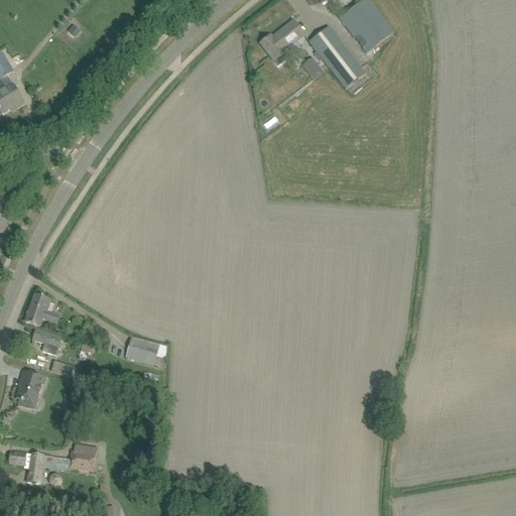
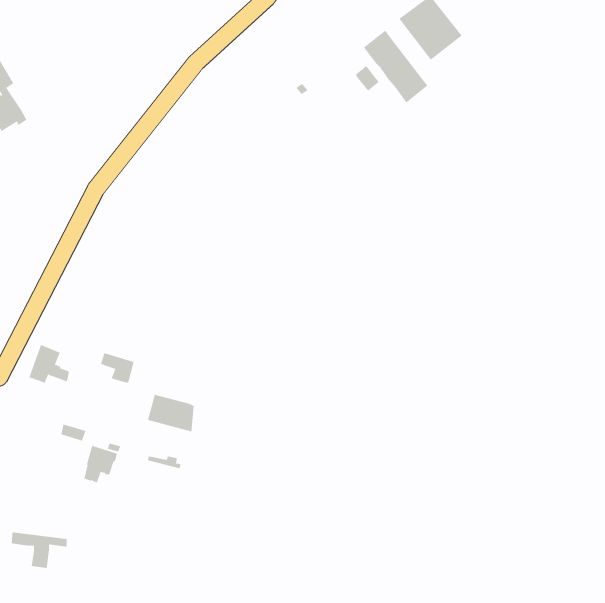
building: [260,19,303,64] -> none
building: [32,328,61,354] -> [100,352,135,383]
building: [15,369,44,401] -> [83,445,118,483]
building: [71,453,96,472] -> none

